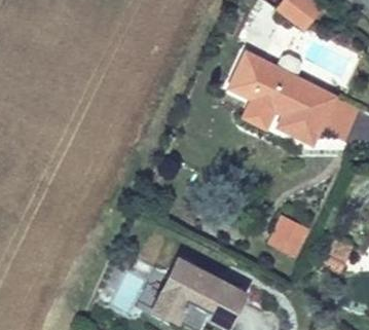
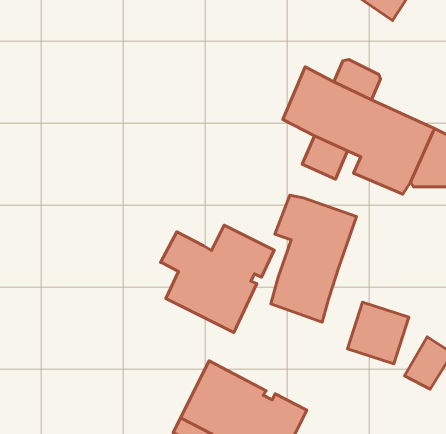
building: none -> [271,195,357,322]
building: none -> [160,225,274,333]

